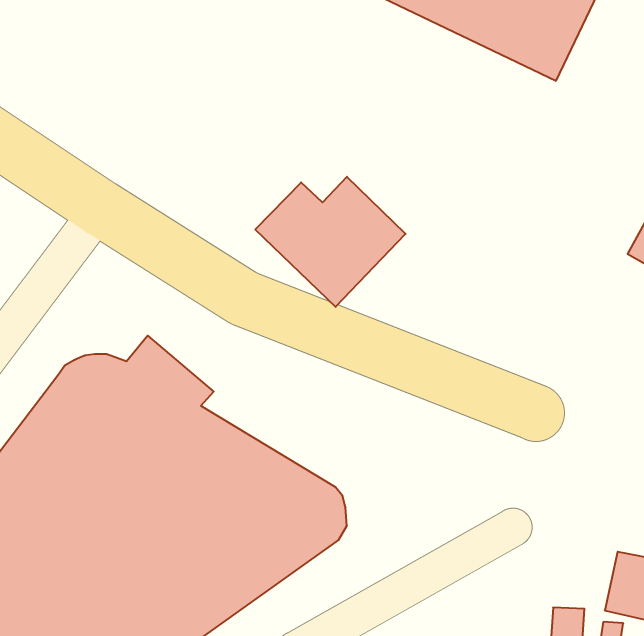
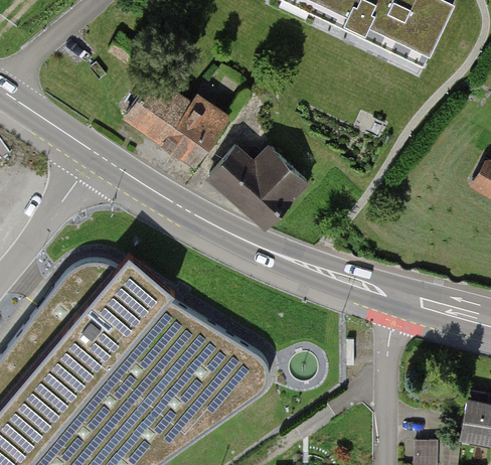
building: none -> [120,75,225,167]

